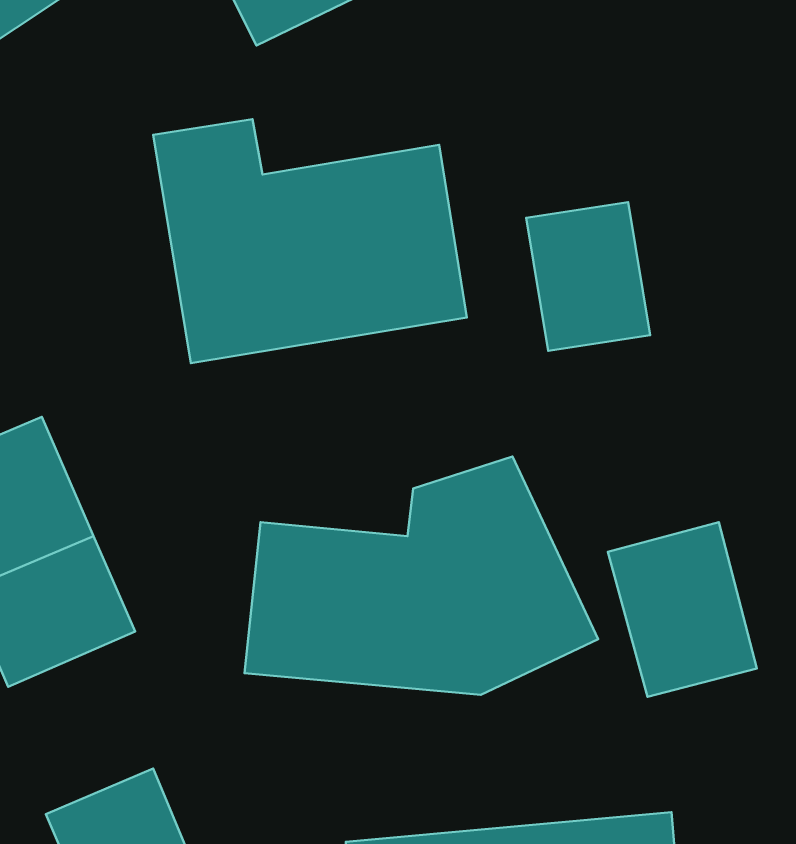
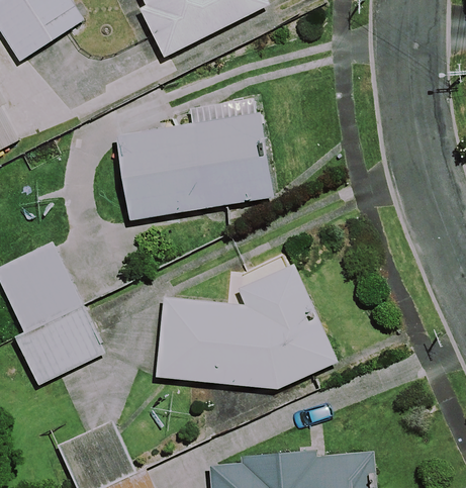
building: [526,202,650,351] -> none
building: [608,522,757,697] -> none

